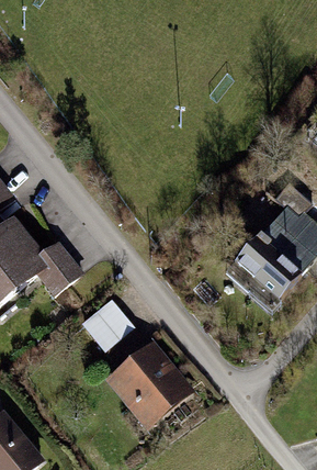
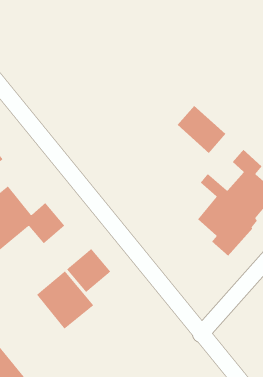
building: none -> [177,105,226,154]
building: [117,350,185,419] -> [36,271,94,330]

